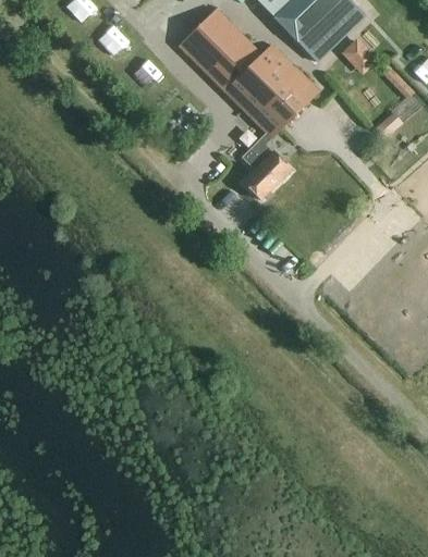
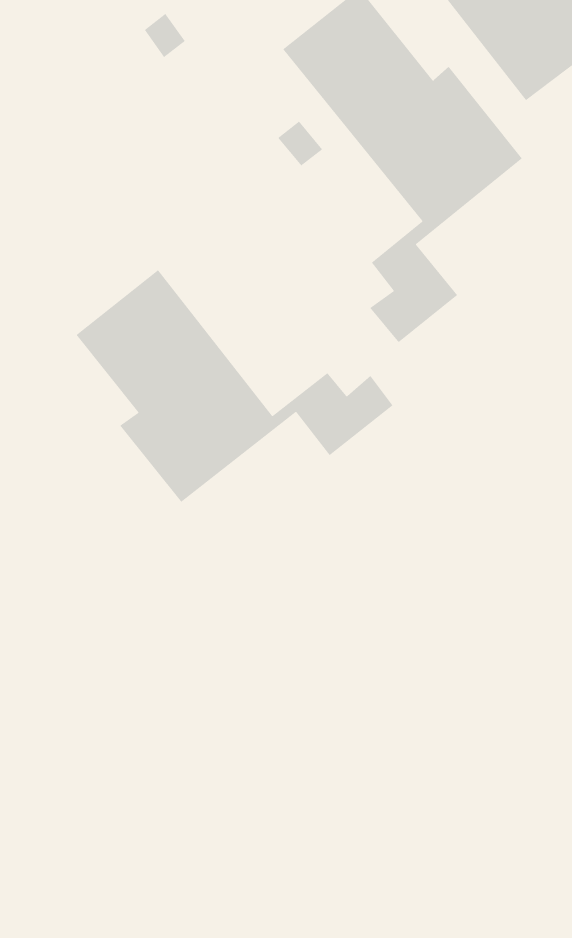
building: none -> [76,269,394,503]

